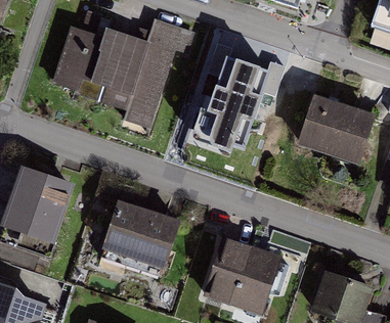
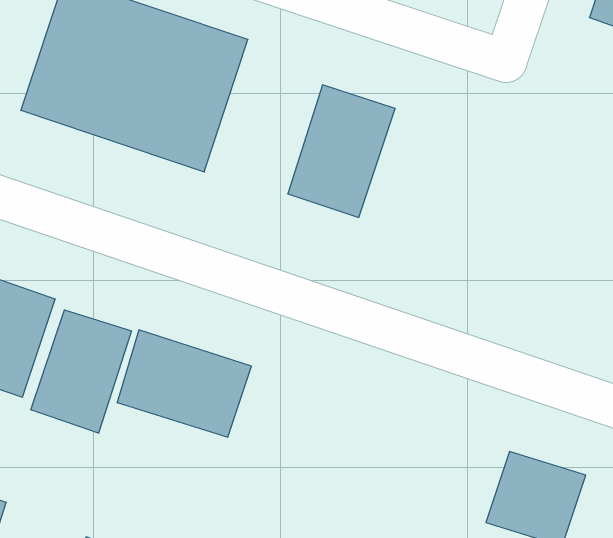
building: [302,98,372,168] -> none
building: none -> [31,310,132,433]
building: [209,241,276,309] -> none

